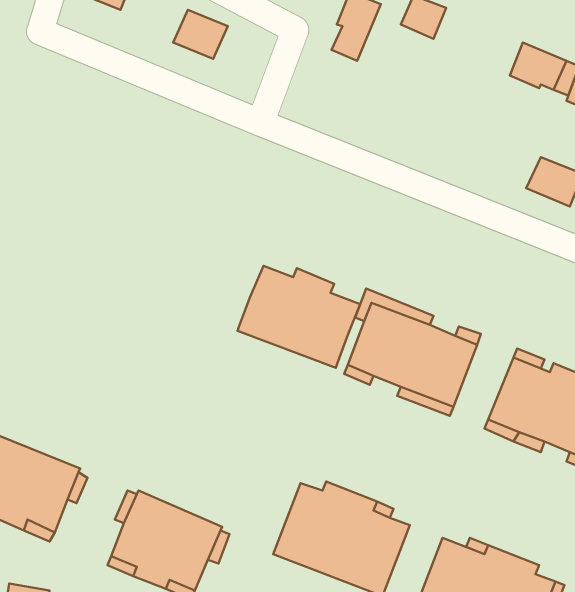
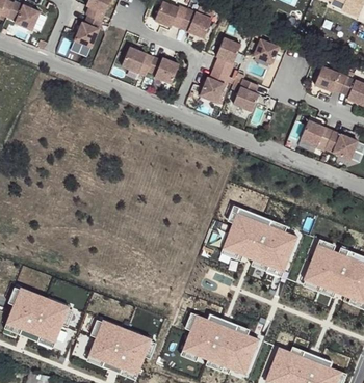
building: none -> [149,55,179,81]
building: none -> [200,69,228,101]
building: none -> [233,78,258,110]
building: none -> [301,119,333,149]
building: [238,266,360,368] -> none

